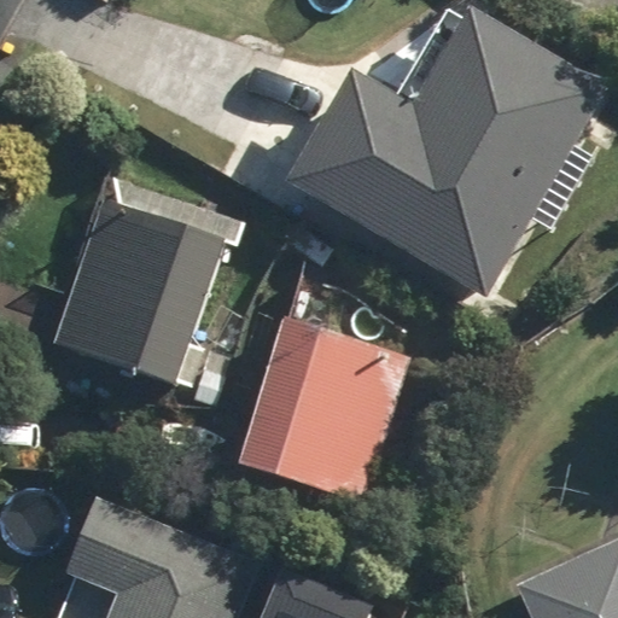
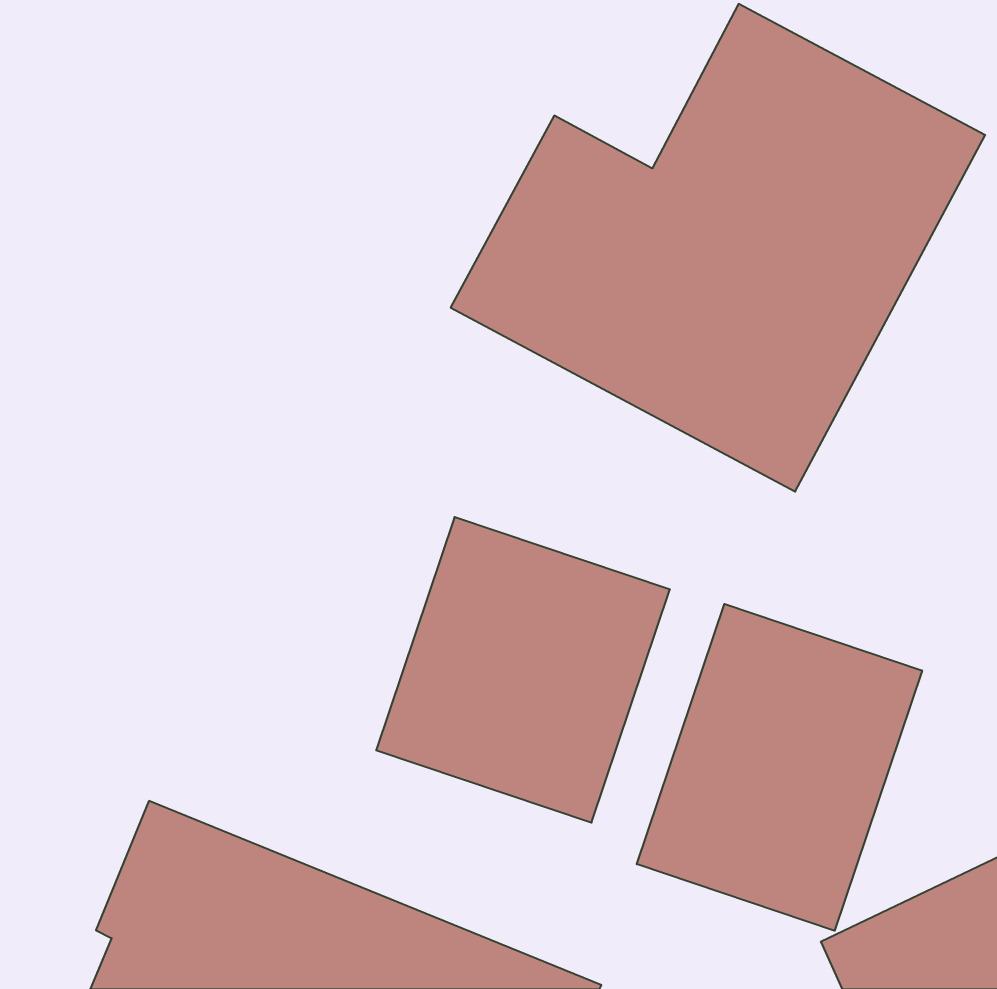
building: [53,177,247,389] -> none
building: none -> [637,604,922,931]

